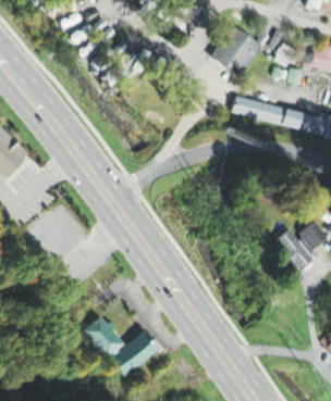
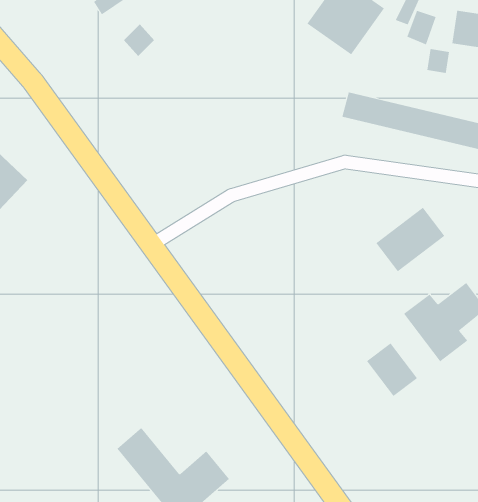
building: none -> [376,207,445,272]
building: none -> [366,342,418,397]

